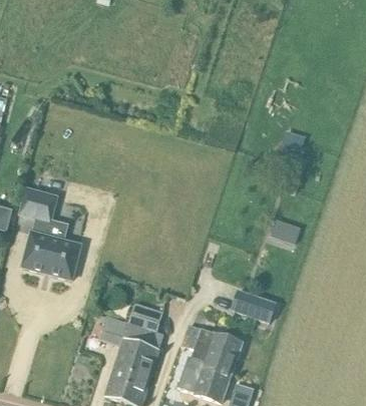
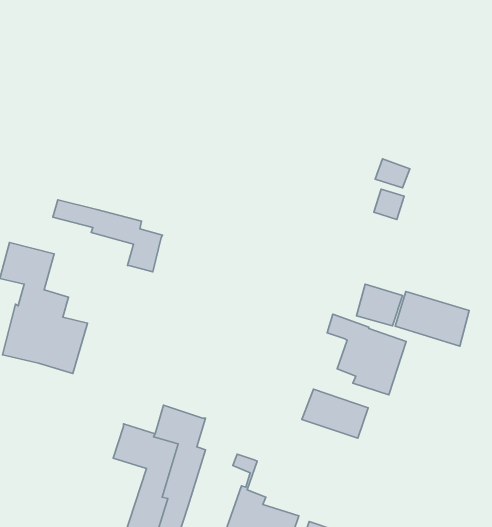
building: none -> [53,200,162,272]
building: none -> [395,292,469,346]
building: [185,323,240,379] -> [327,314,406,395]

